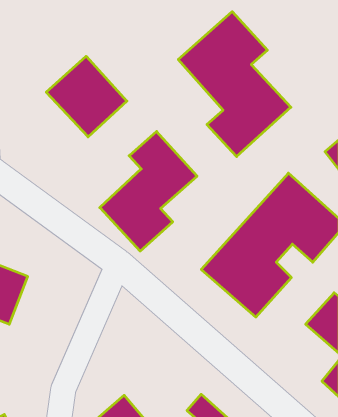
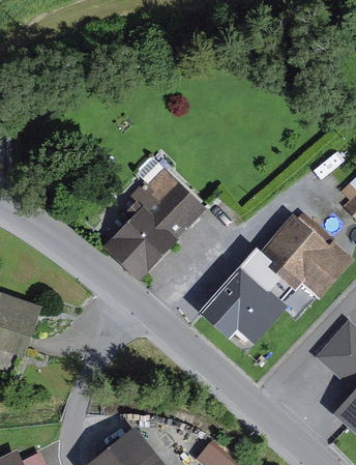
building: [178,12,291,157] -> none
building: [46,56,127,137] -> none

